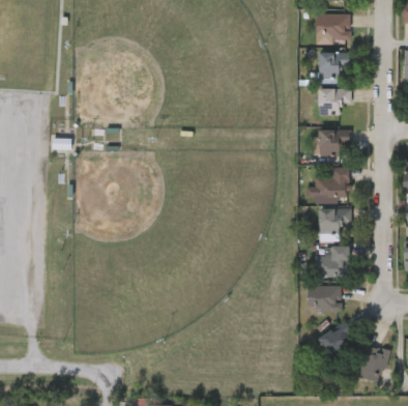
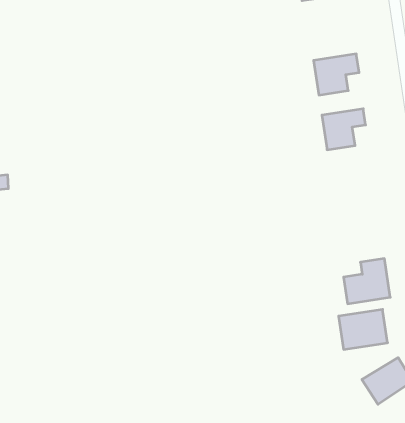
building: [318,53,351,81] -> none
building: [316,167,349,198] -> none
building: [317,209,351,234] -> none

